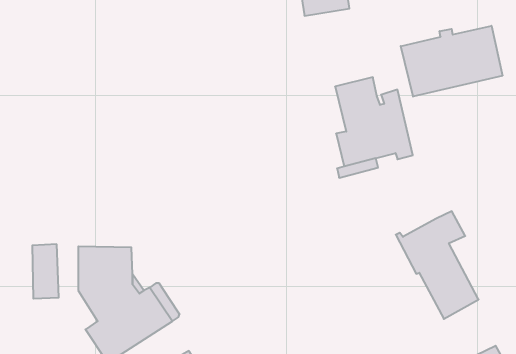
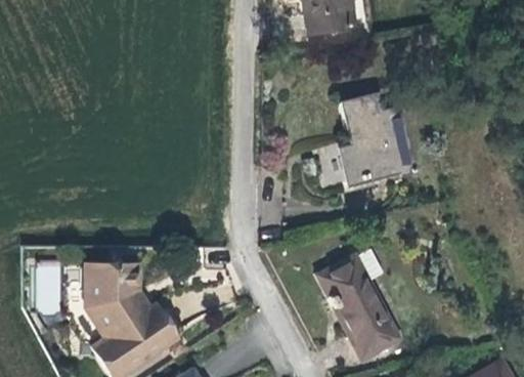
building: [401,26,502,97] -> none
building: [396,211,479,319] -> [314,249,397,357]

